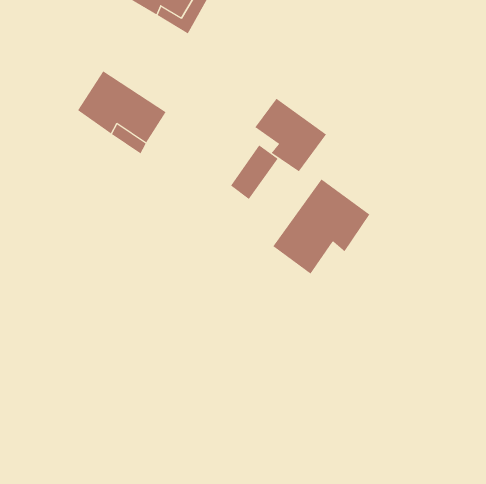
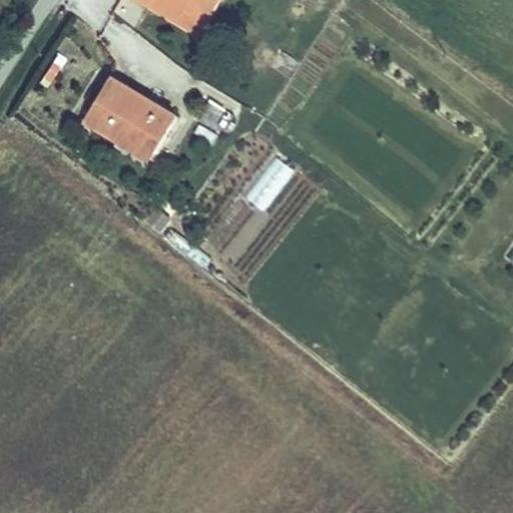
building: [254,98,327,172] -> none
building: [273,178,370,274] -> none

